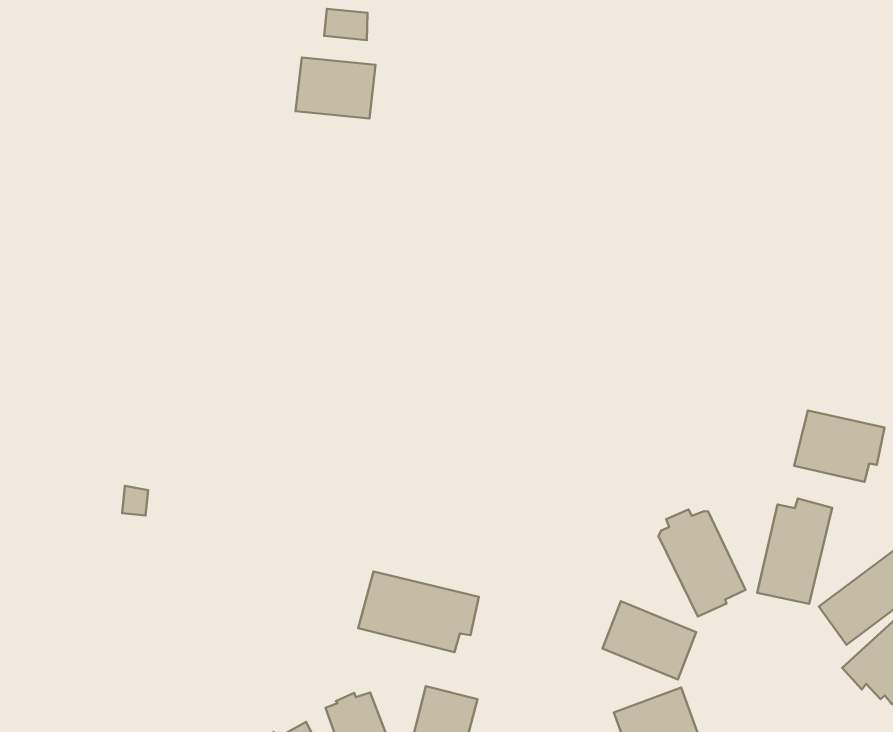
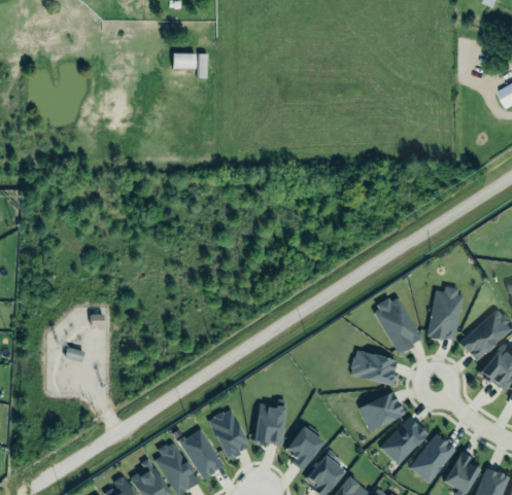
building: [296,58,375,118] -> none
building: [794,411,885,482] -> none
building: [358,571,479,652] -> none

